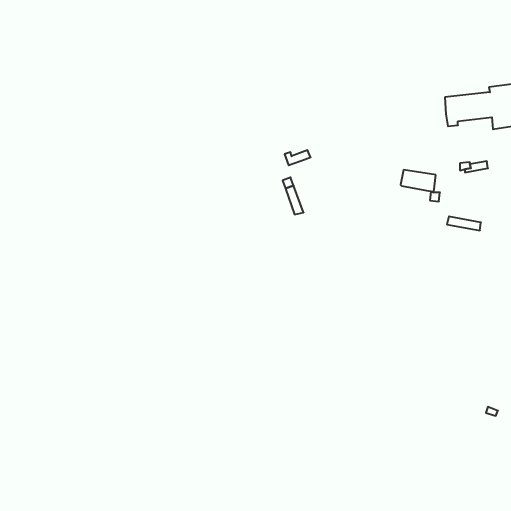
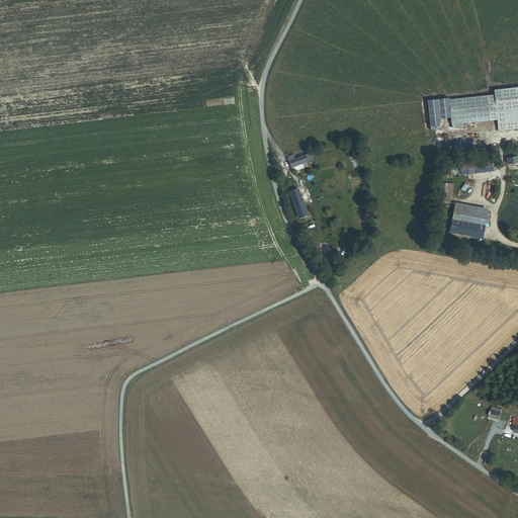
building: none -> [428,97,451,130]
building: [401,170,436,192] -> [453,203,489,226]

